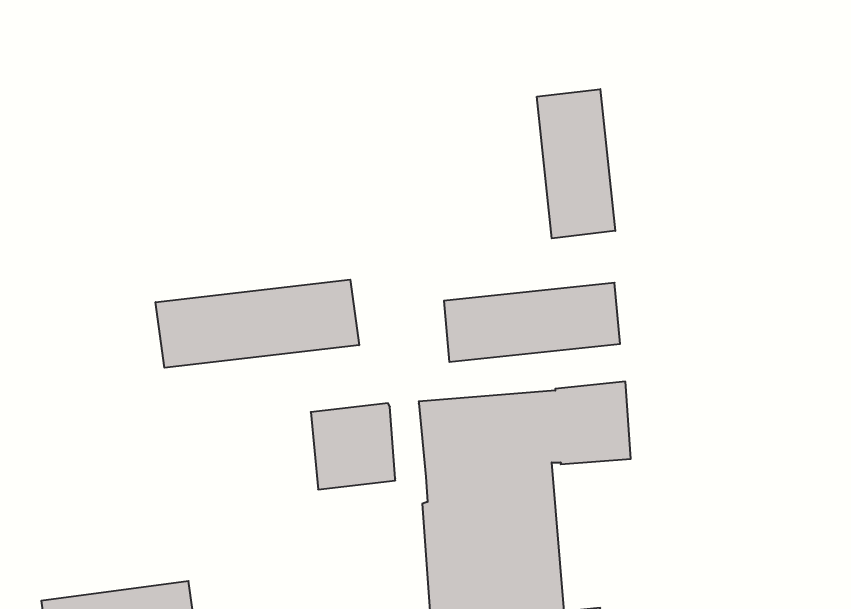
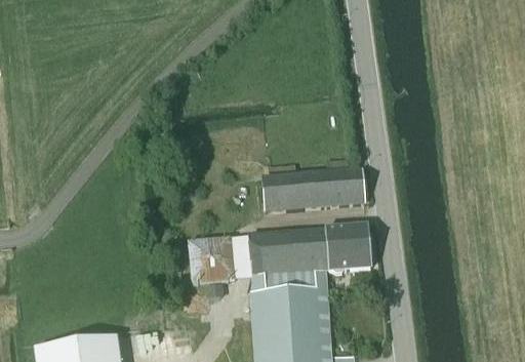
building: [537,89,615,238] -> none
building: [156,280,359,368] -> none

